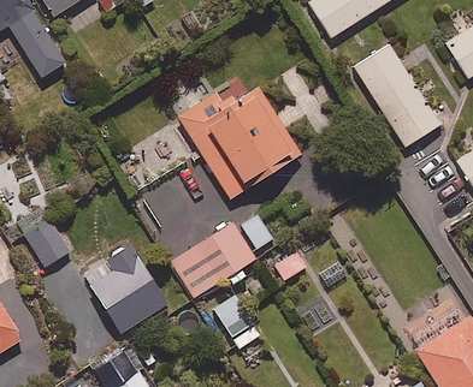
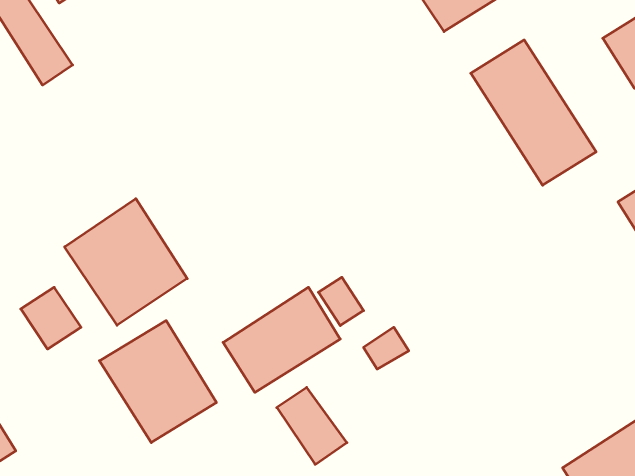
building: [176,87,301,200] -> none
building: none -> [65,199,187,325]

